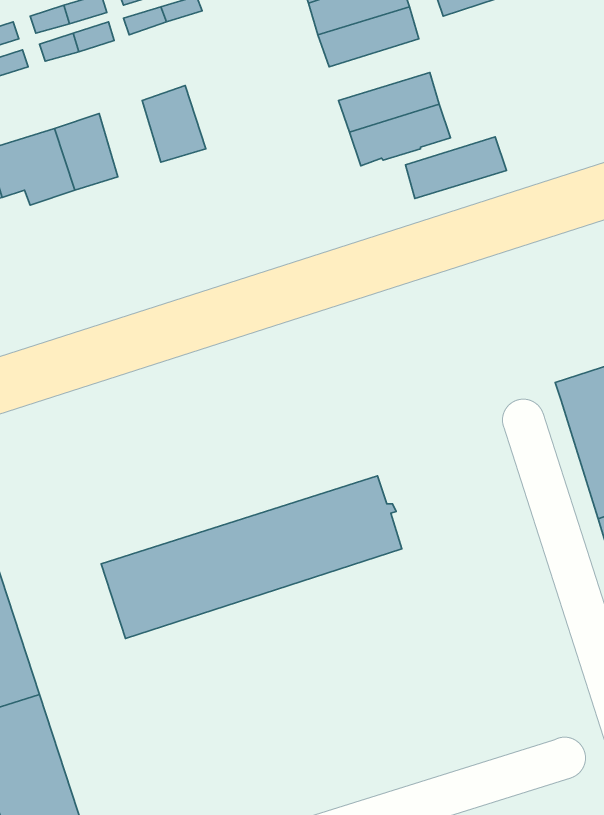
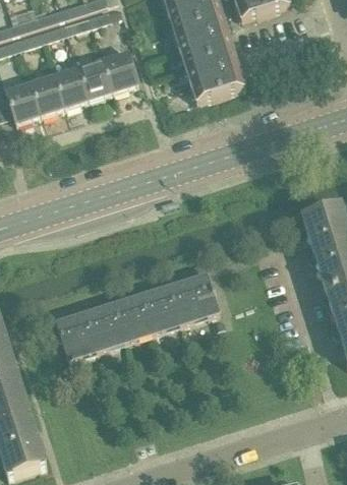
building: none -> [102,51,138,94]
building: none -> [55,67,89,109]
building: [405,137,506,198] -> [180,34,235,67]

